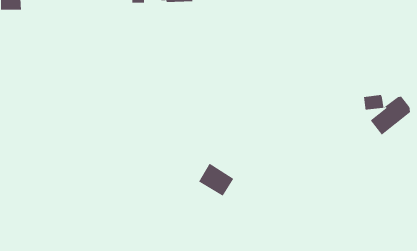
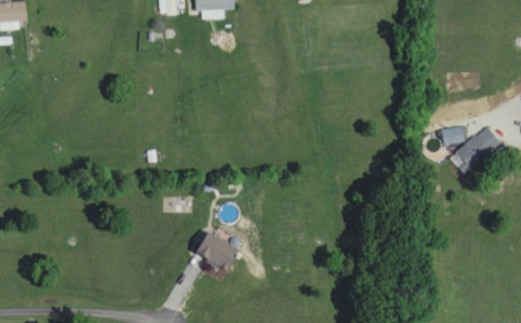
building: [198,163,234,196] -> [193,230,237,271]

